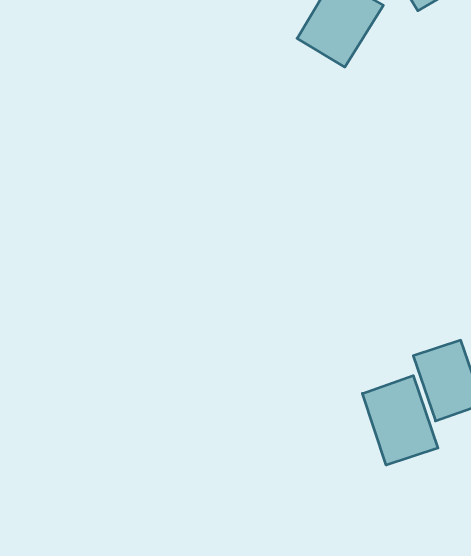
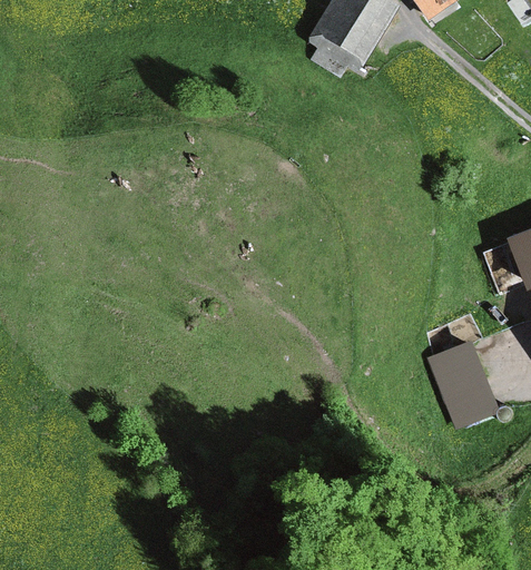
building: [362,376,438,465] -> none

